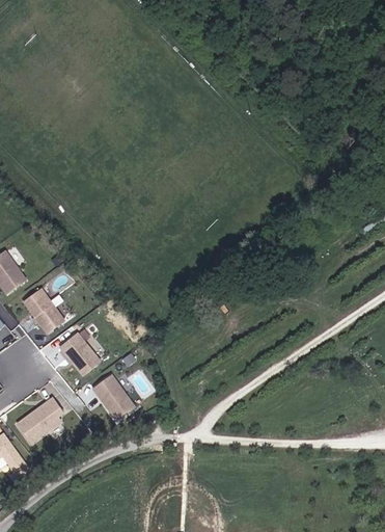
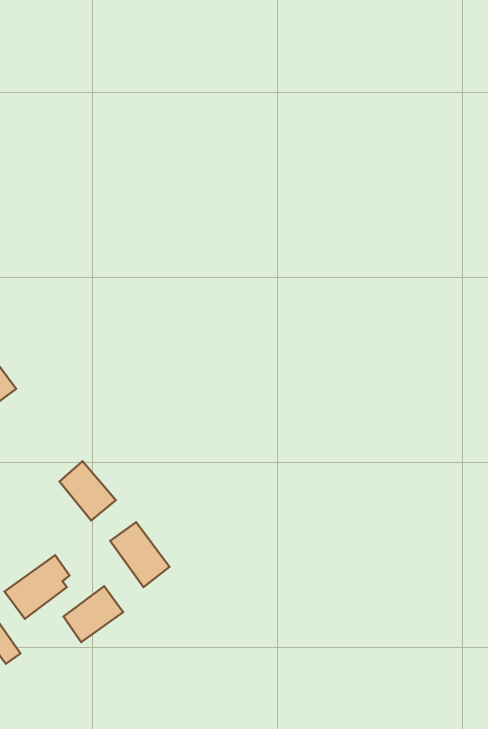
building: [23,289,64,335] -> none
building: none -> [63,586,123,642]

